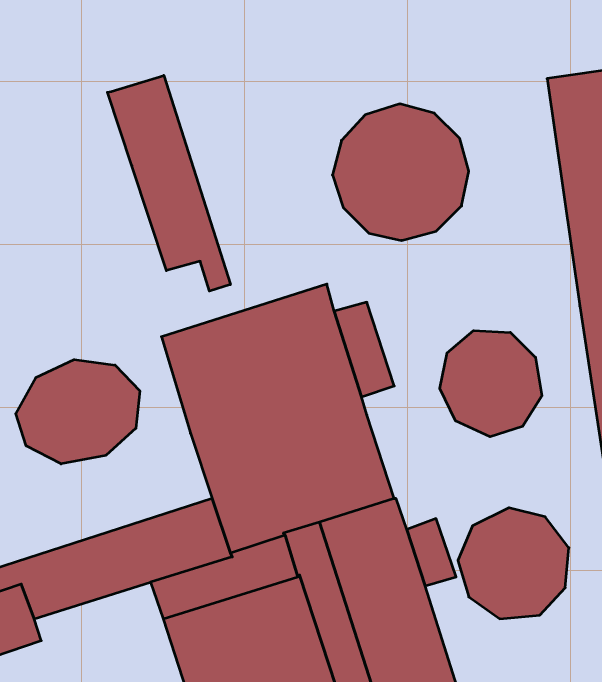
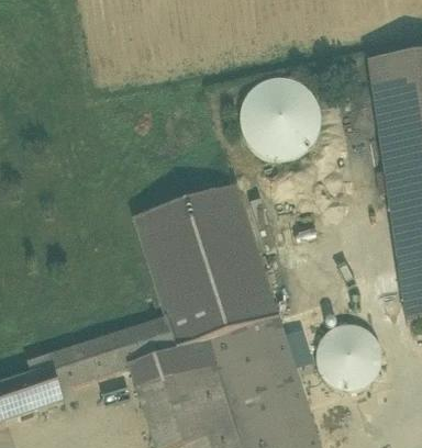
building: [107,75,230,291] -> none
building: [440,331,542,437] -> none
building: [16,360,140,464] -> none

